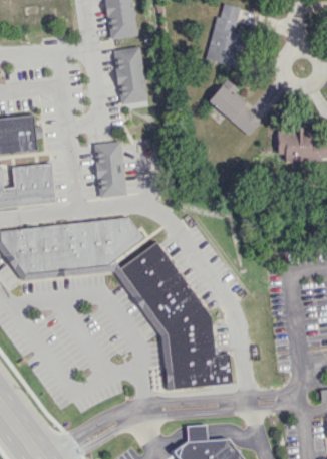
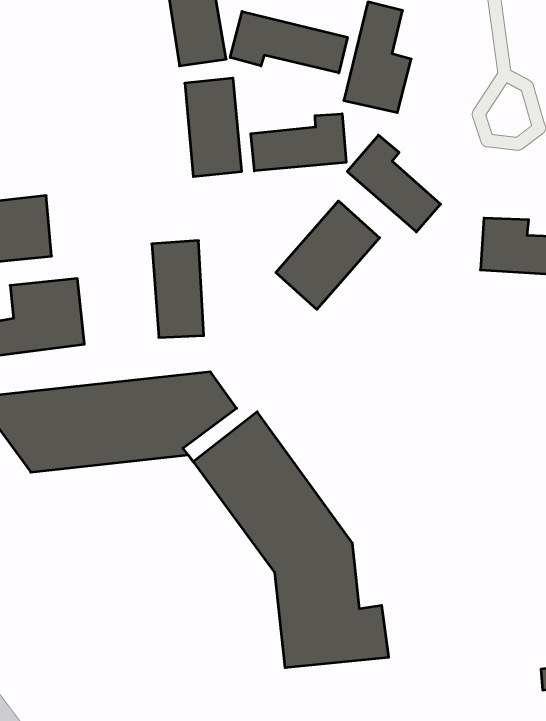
building: none -> [230,11,347,73]
building: none -> [251,114,346,171]
building: none -> [276,201,380,309]

